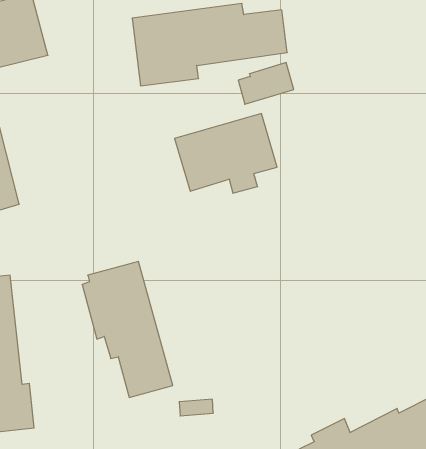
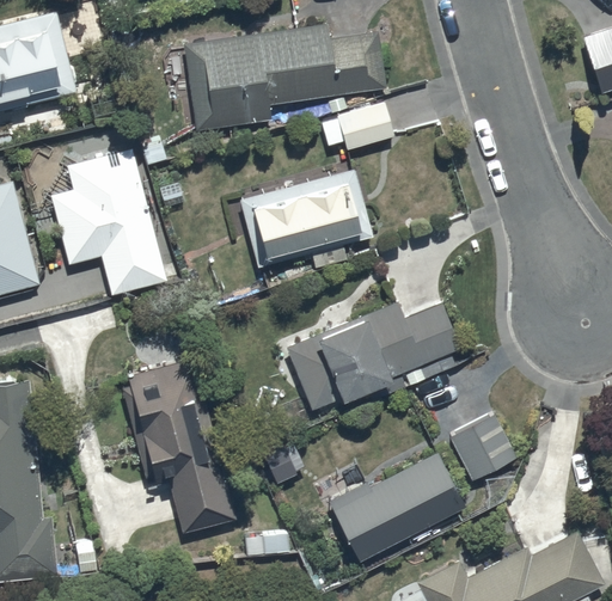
building: none -> [50,149,167,296]
building: none -> [275,299,459,409]
building: none -> [449,413,516,480]
building: none -> [329,452,465,562]

